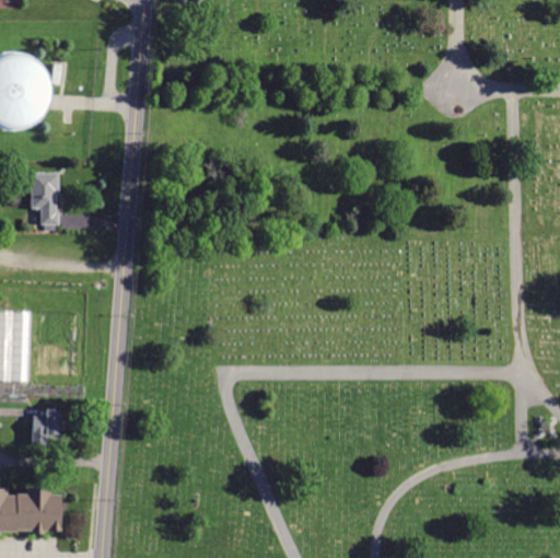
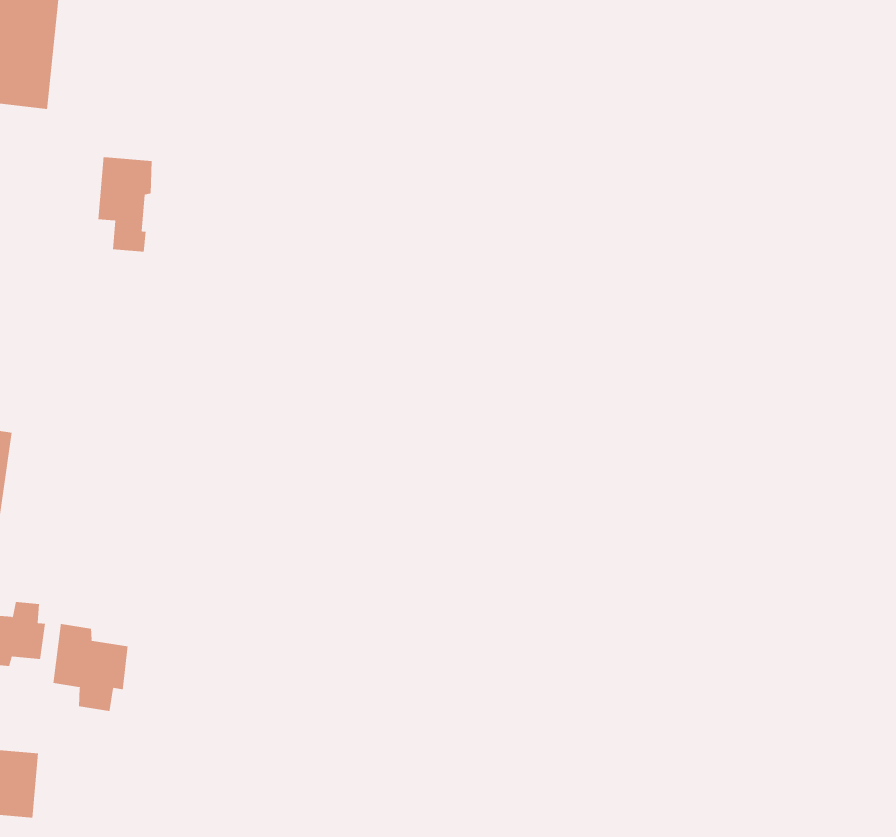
building: [28,173,58,225] -> [97,157,152,252]
building: none -> [53,623,128,712]

